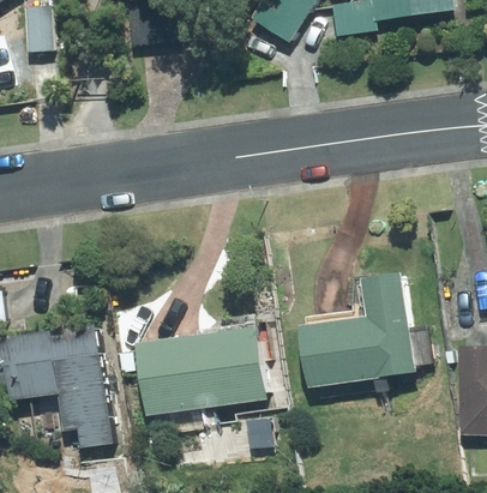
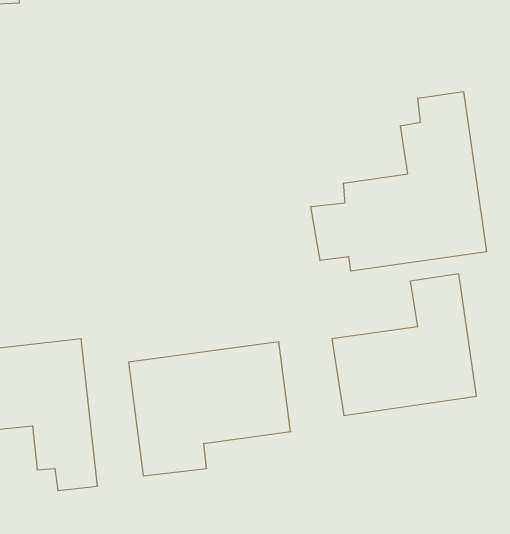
building: none -> [311,92,487,271]

